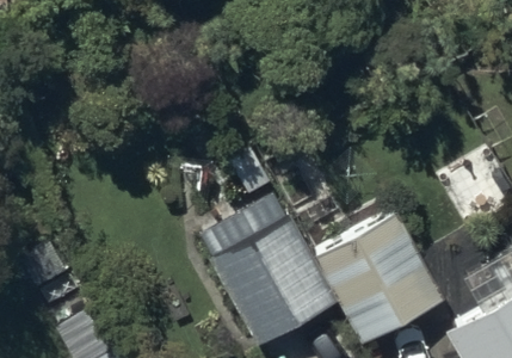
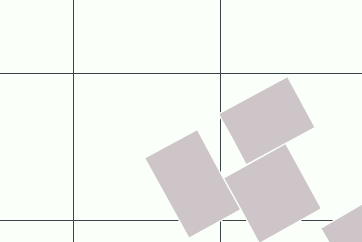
building: none -> [218,77,315,165]

